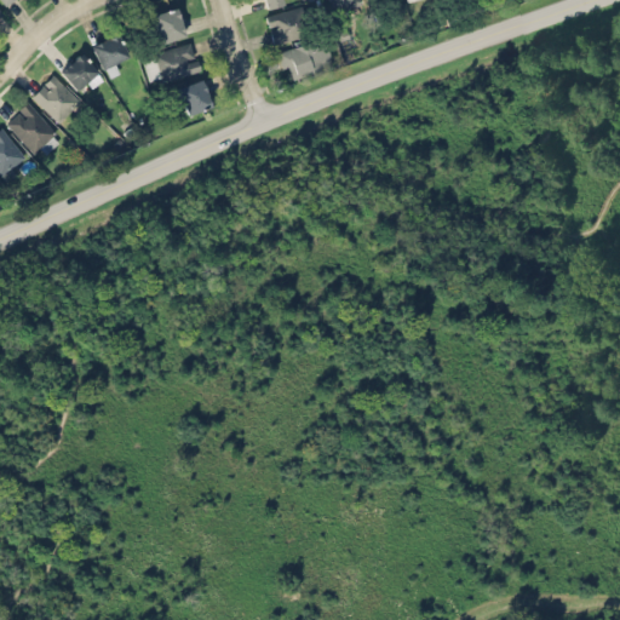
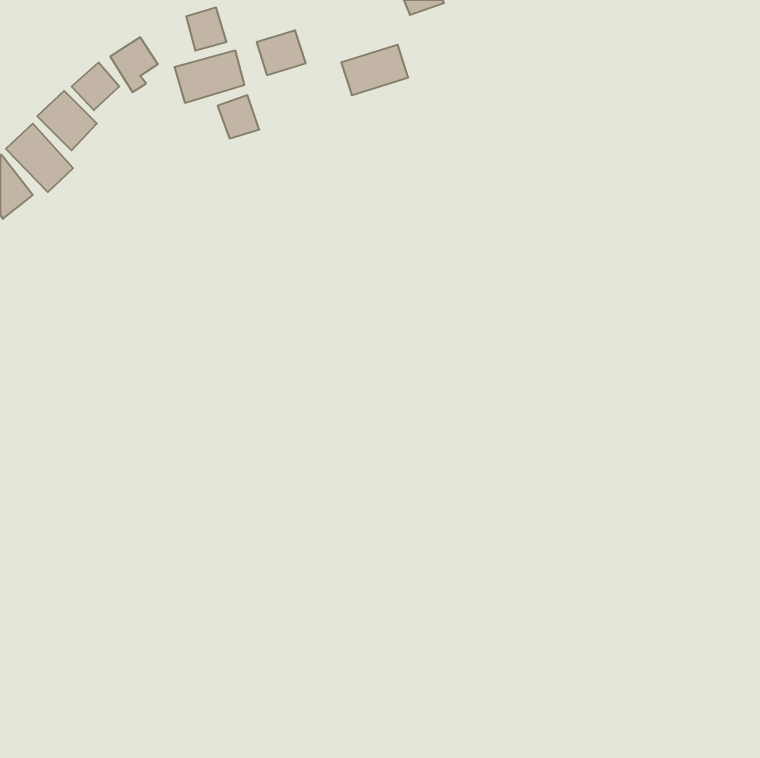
building: [265,8,305,45] -> [257,30,306,75]

